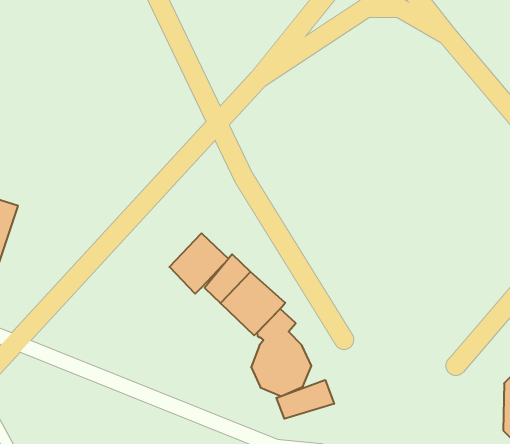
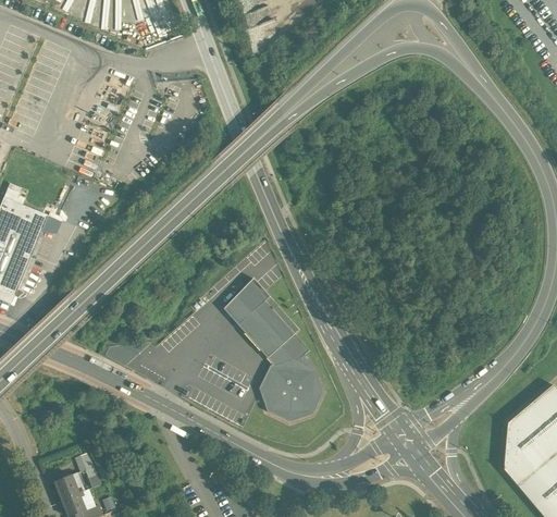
building: [169,233,228,294] -> none
building: [276,380,334,419] -> none

